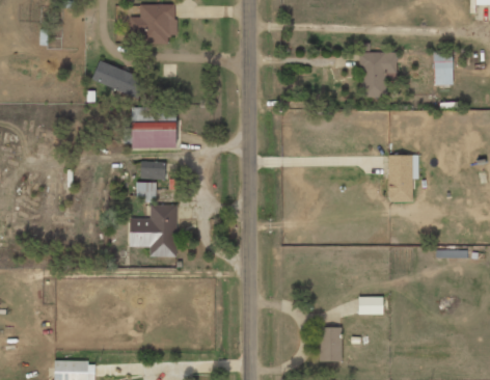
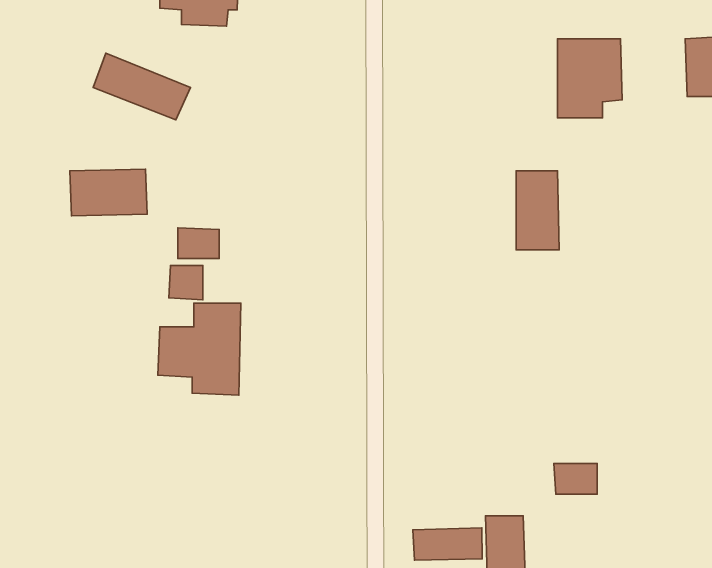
building: [132,121,176,148] -> [70,169,147,216]
building: [388,156,413,201] -> [516,171,559,250]
building: none -> [413,528,482,560]

